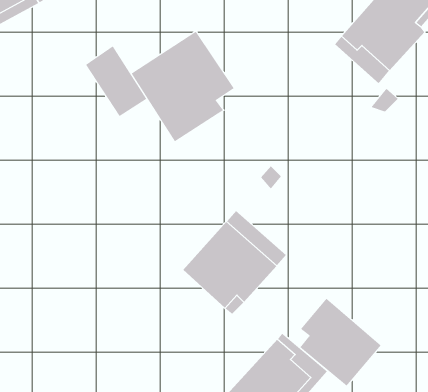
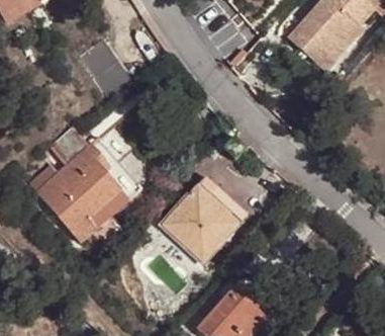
building: [131,31,234,142] -> none
building: none -> [29,129,140,242]
building: [299,298,382,387] -> none

